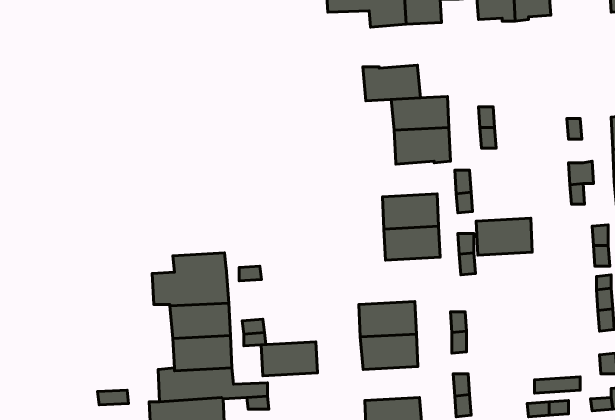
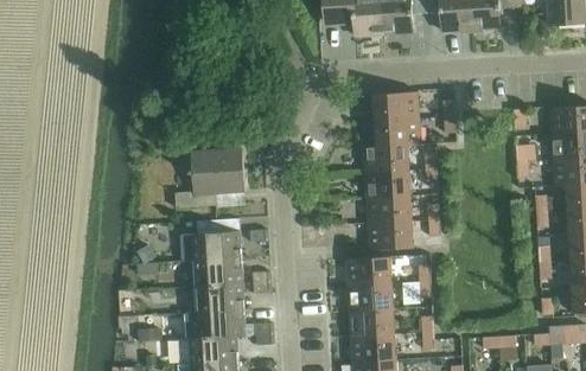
building: [363,65,420,101] -> [363,145,409,173]
building: none -> [174,151,244,207]
building: [476,218,532,255] -> [368,222,413,251]
building: [261,342,317,376] -> [350,309,395,337]

